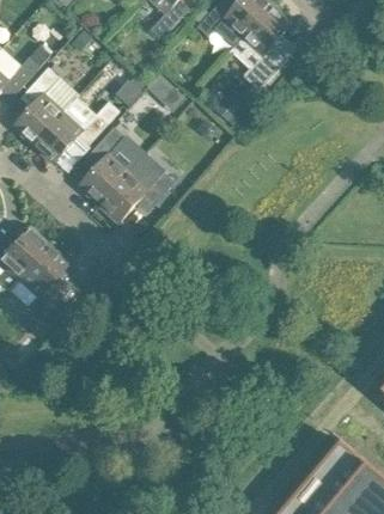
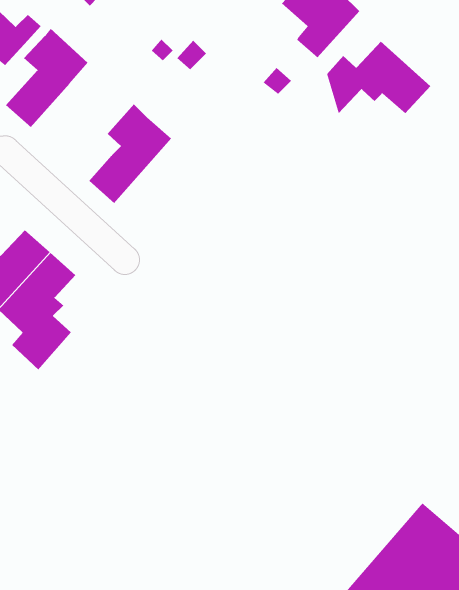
building: none -> [327,41,431,114]
building: [32,98,120,163] -> none
building: [98,153,173,222] -> none

